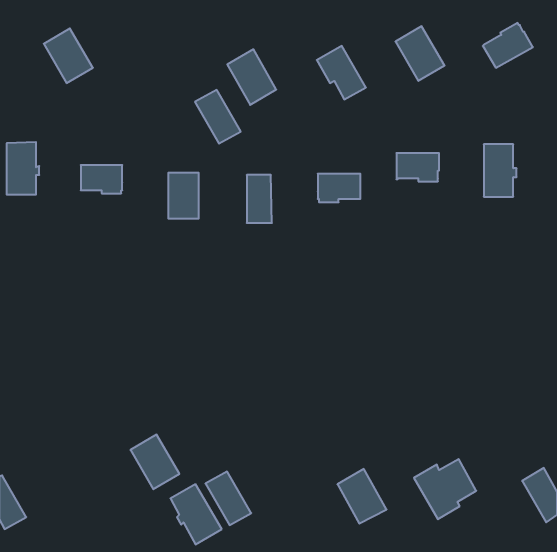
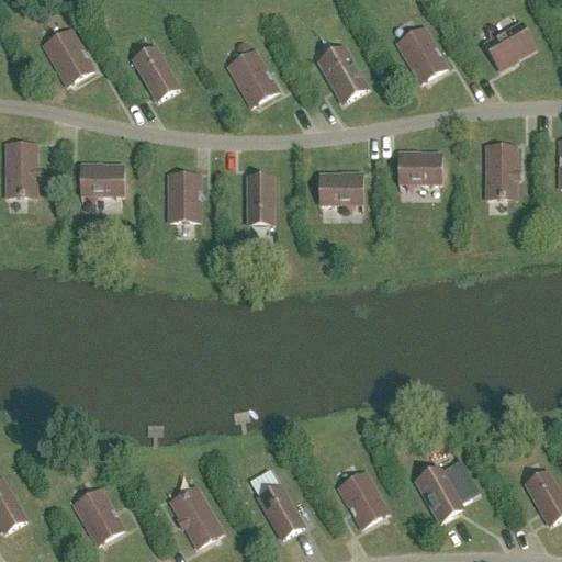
building: [195,90,241,144] -> [133,46,179,100]
building: [130,435,179,489] -> [75,488,124,543]
building: [205,472,251,525] -> [258,484,304,538]

